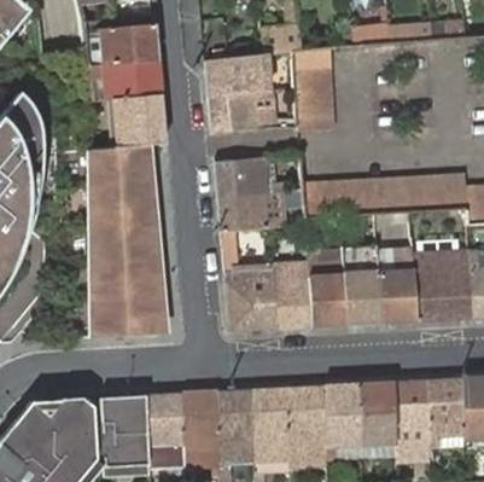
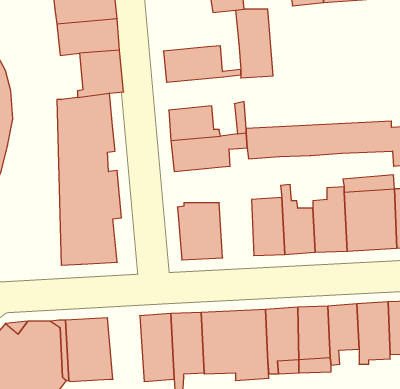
building: [206,56,260,97] -> none
building: [273,263,311,329] -> none
building: [147,394,188,470] -> none

